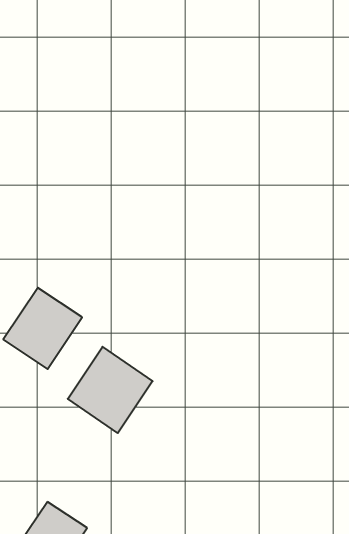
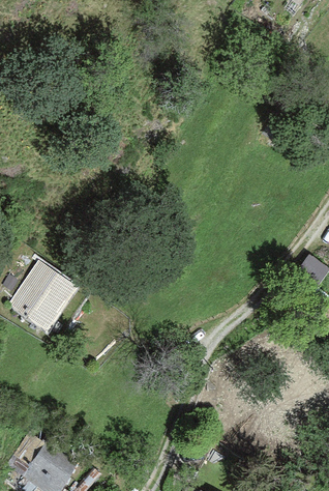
building: [68,347,153,433] -> none

